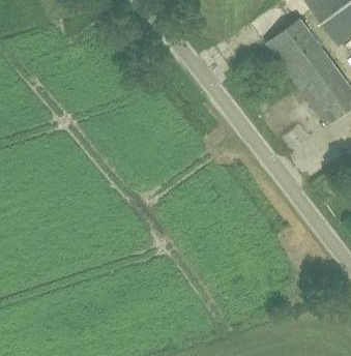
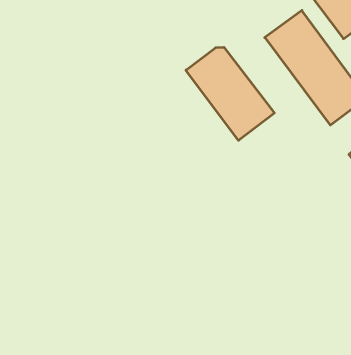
building: none -> [186,47,274,140]

